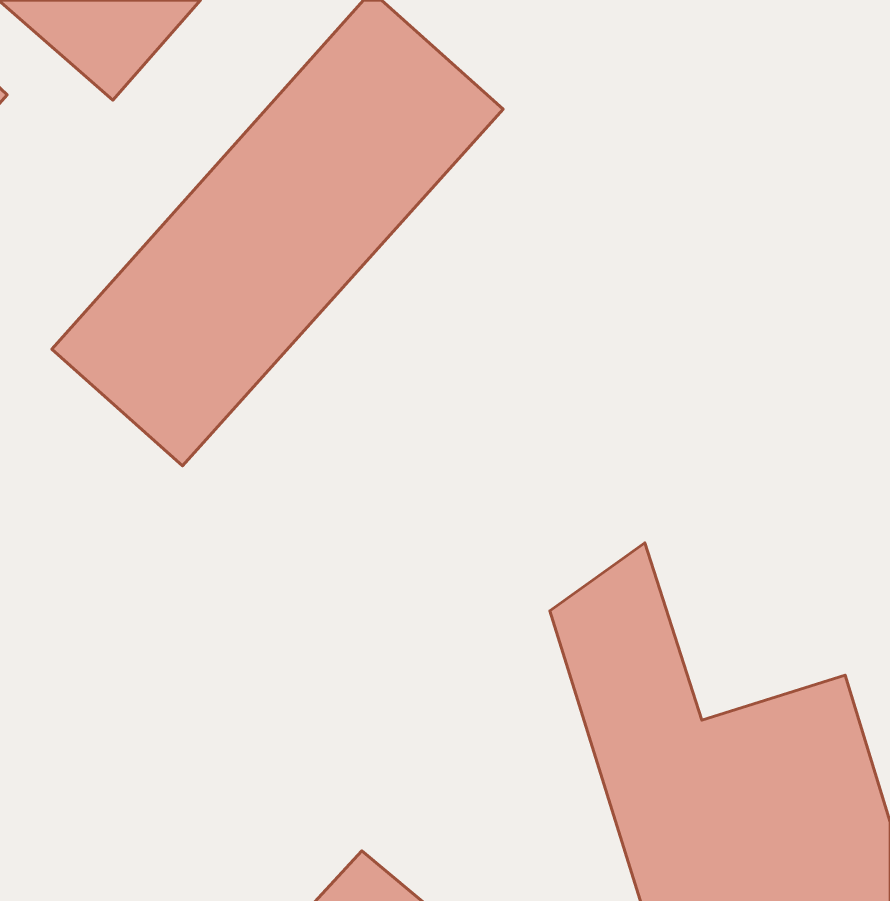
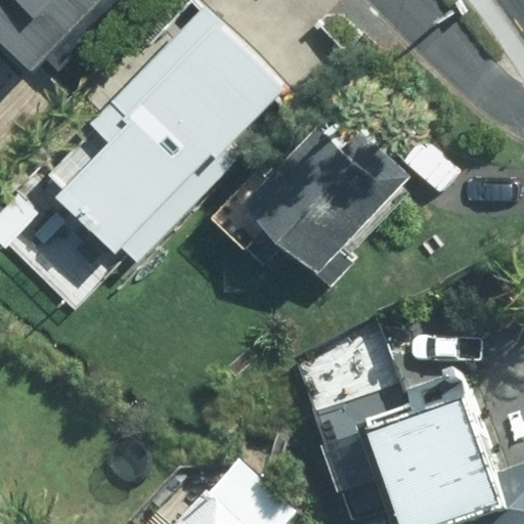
building: none -> [218,118,393,297]

